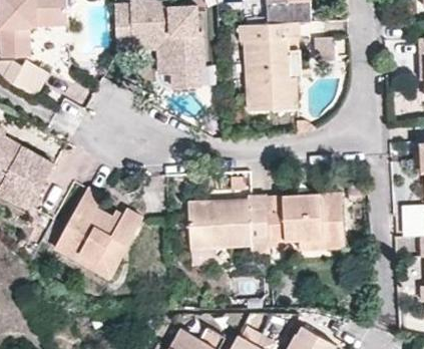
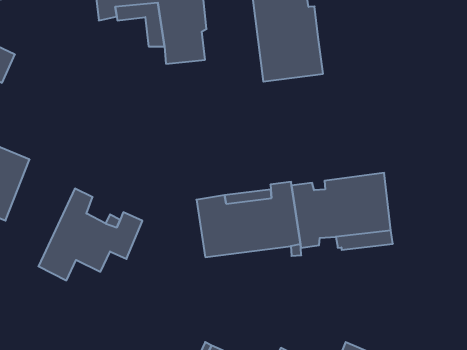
building: [76,239,126,278] -> none

